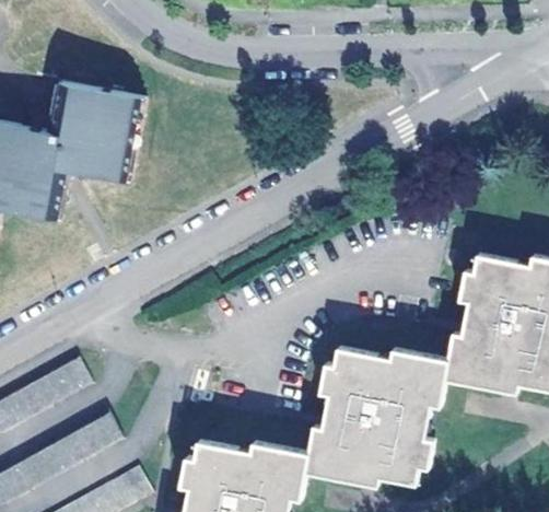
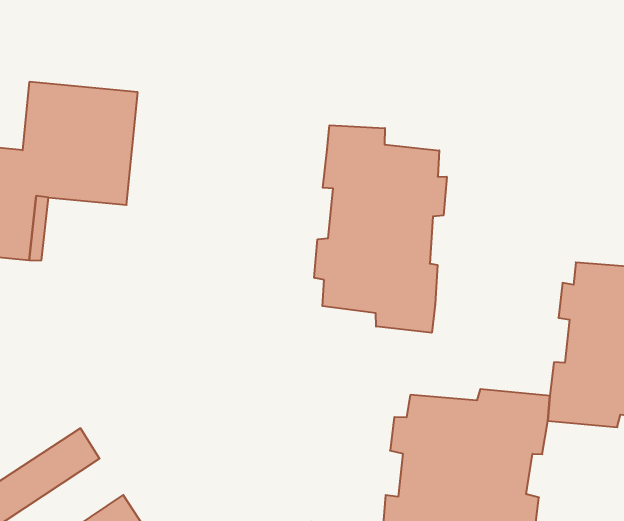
building: none -> [314,125,447,333]

